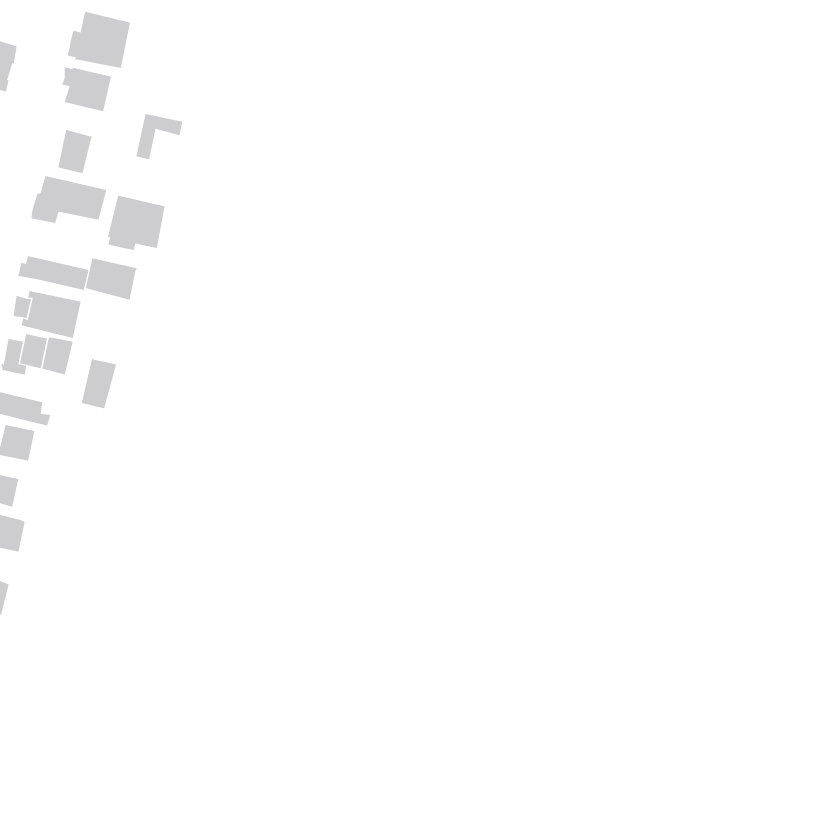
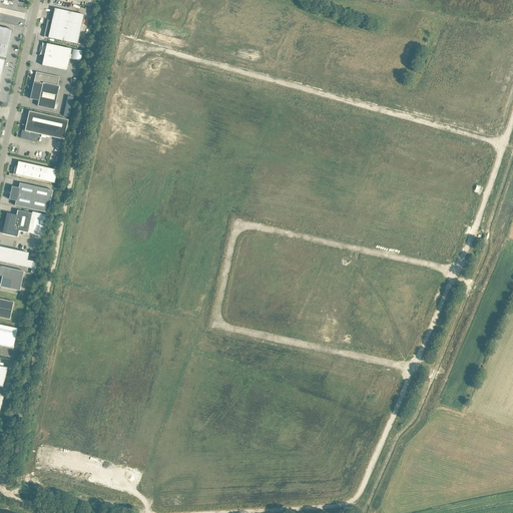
building: [135,113,183,160] -> [28,71,58,100]
building: [107,195,165,251] -> none
building: [85,258,138,300] -> none
building: [81,358,117,409] -> none

